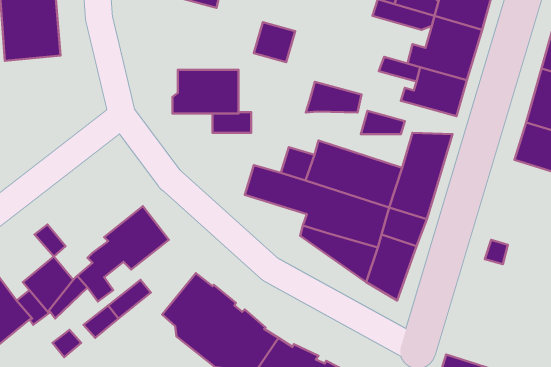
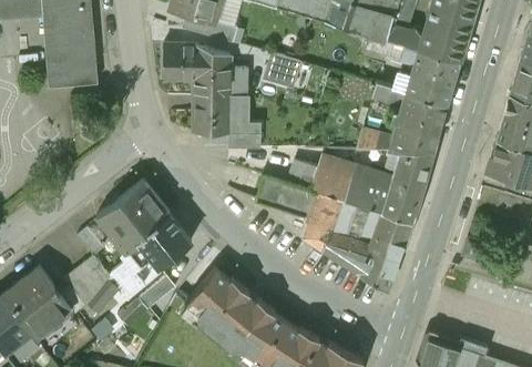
building: none -> [163,42,246,95]
building: [306,82,361,113] -> [390,123,438,150]
building: none -> [98,180,168,252]

